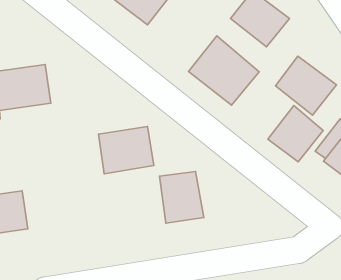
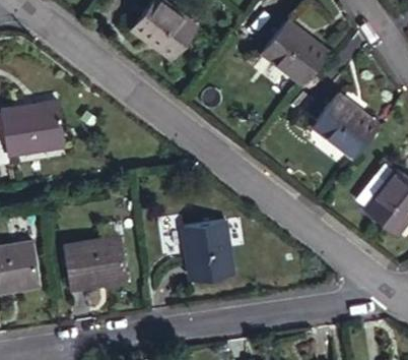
building: [188,36,259,105] -> none
building: [268,106,323,162] -> none
building: [98,127,154,174] -> [65,237,126,289]

